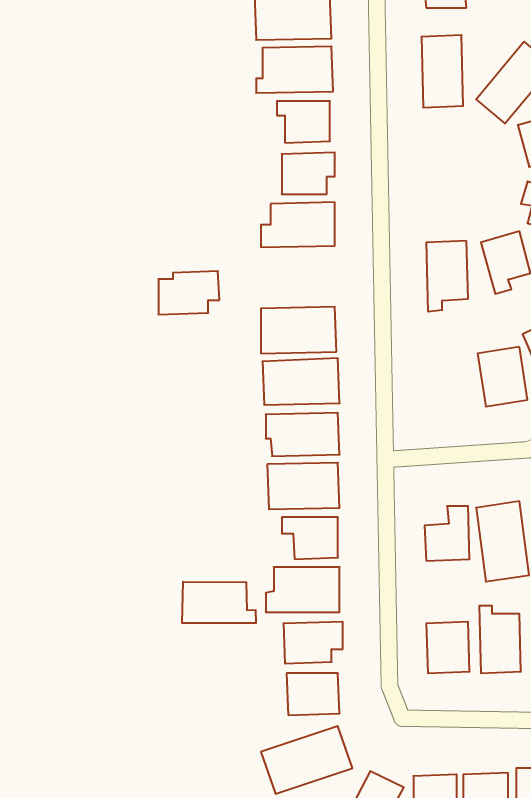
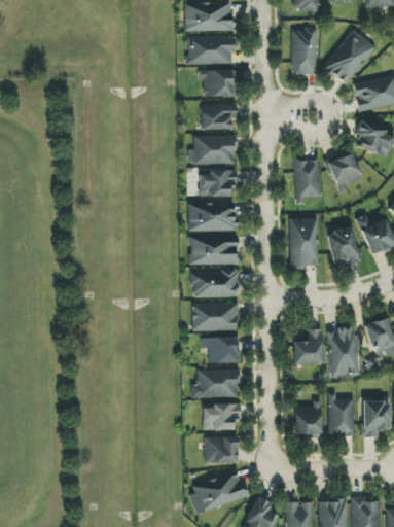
building: [158,271,219,315] -> [199,169,238,197]
building: none -> [290,217,319,267]
building: [182,582,256,623] -> none

